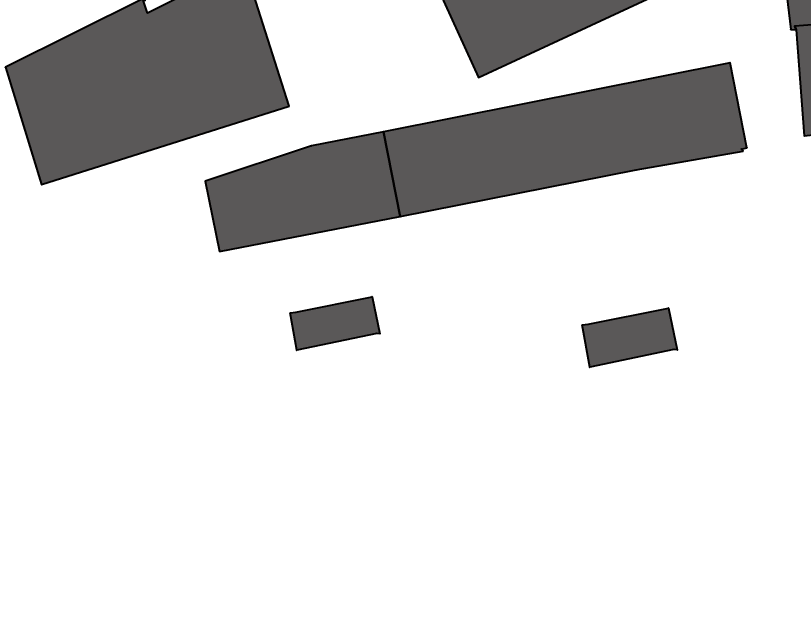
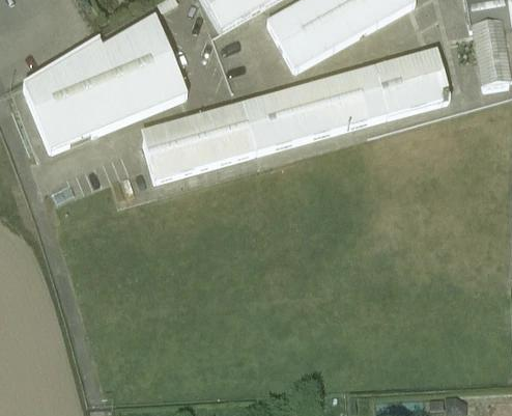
building: [290,297,380,350] -> none
building: [582,308,677,367] -> none

